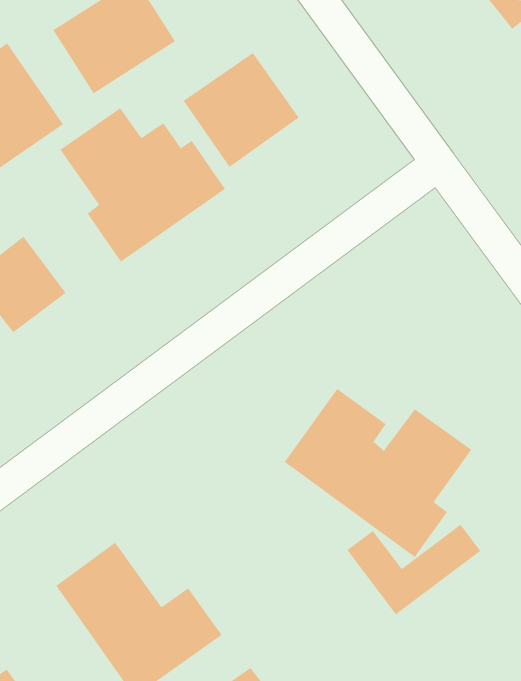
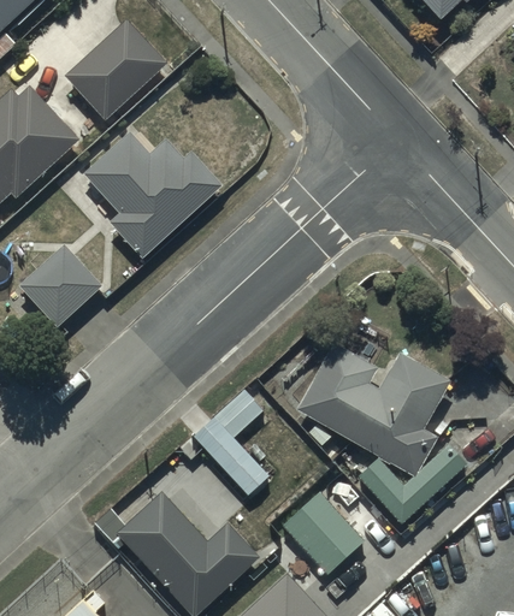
building: [183,52,300,168] -> none
building: none -> [195,393,270,499]
building: none -> [279,488,365,574]

